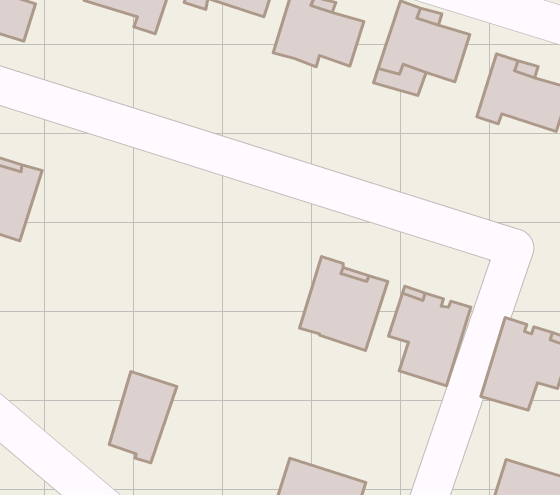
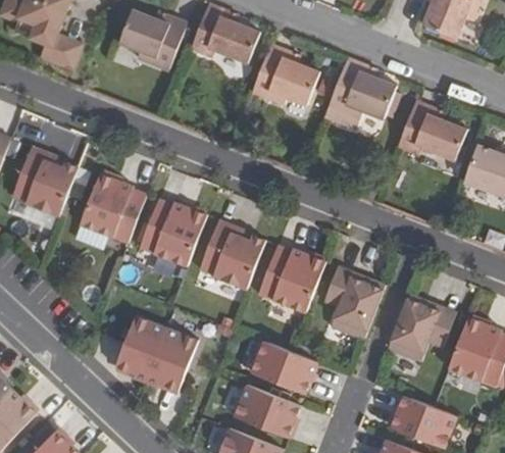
building: none -> [80,171,146,242]
building: none -> [138,200,206,267]
building: none -> [198,222,265,291]
building: none -> [144,329,198,393]
building: none -> [250,342,316,395]

